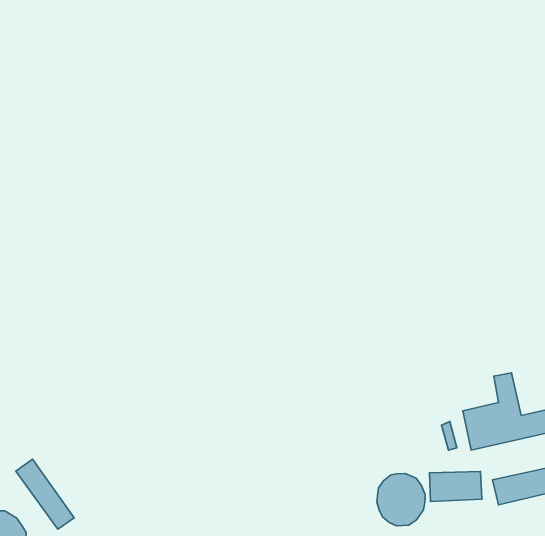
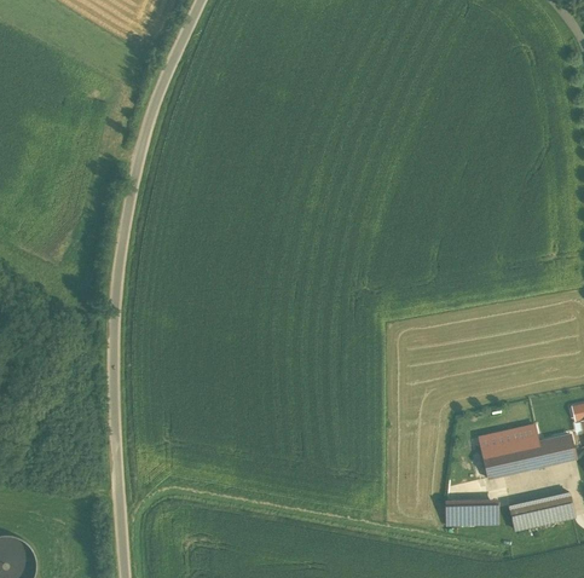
building: [16,459,74,529] -> none
building: [377,474,425,526] -> none

